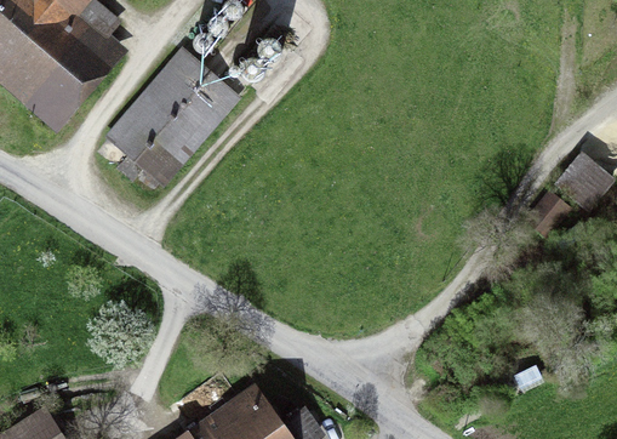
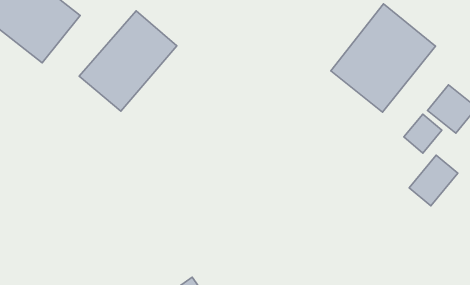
building: none -> [331,4,436,112]
building: none -> [409,155,458,206]

